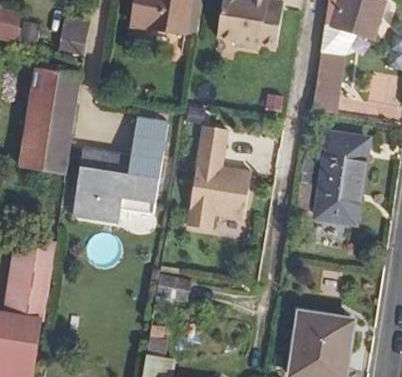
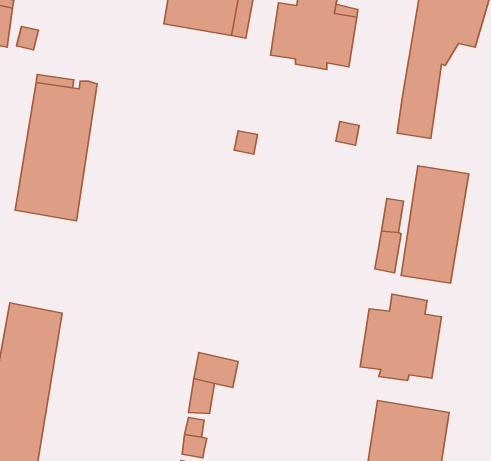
building: [57,16,90,55] -> none
building: [73,120,167,223] -> none
building: [188,125,252,229] -> none
building: none -> [360,294,441,381]

